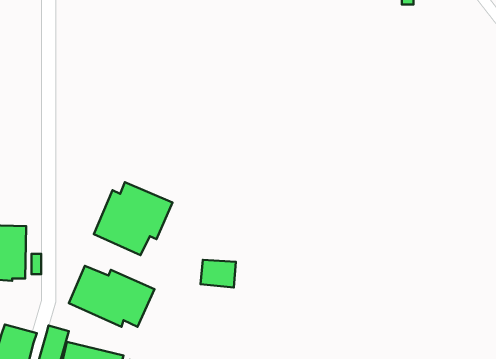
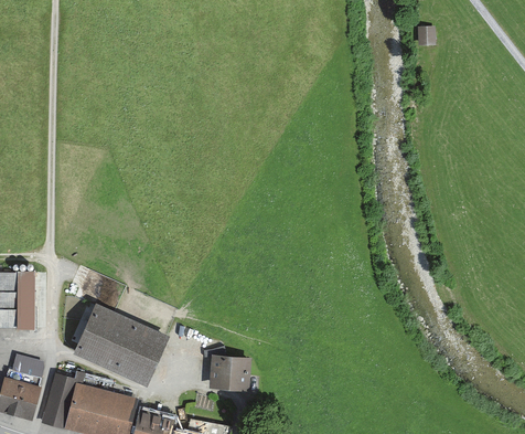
building: [94,182,172,255] -> none
building: [201,260,236,288] -> [212,357,248,385]
building: none -> [12,354,46,377]

